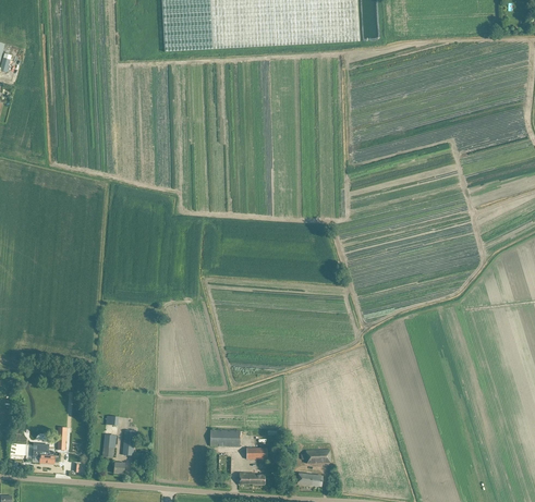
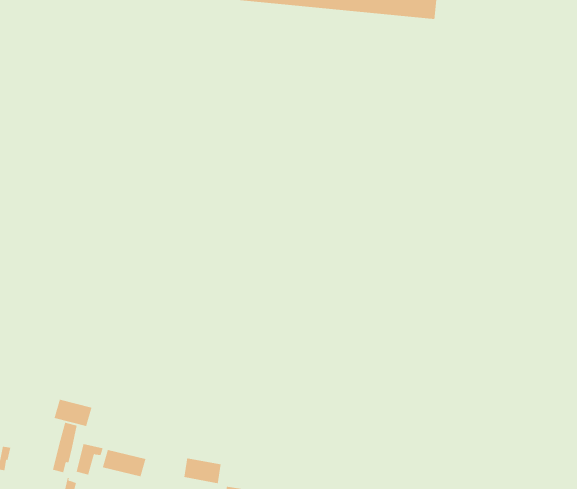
building: none -> [54,399,92,427]
building: none -> [102,449,146,477]

